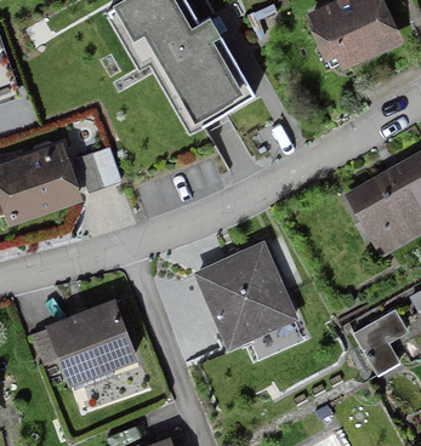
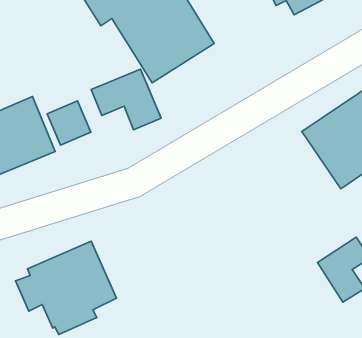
building: none -> [91,69,161,130]
building: [193,240,298,350] -> none

